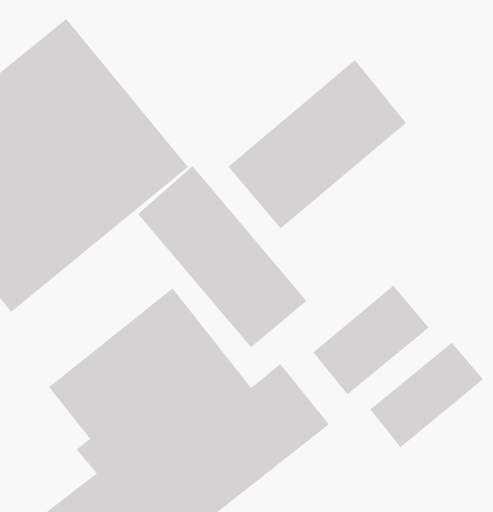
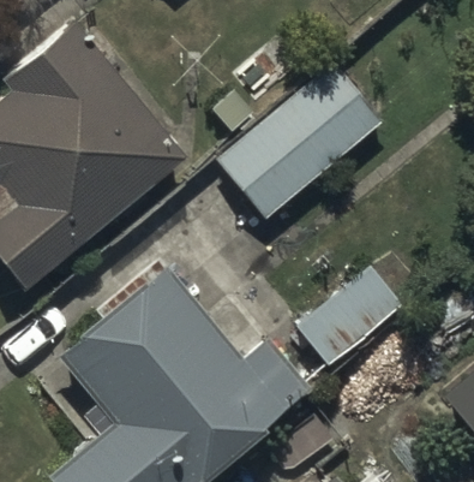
building: [137,165,307,348] -> none

